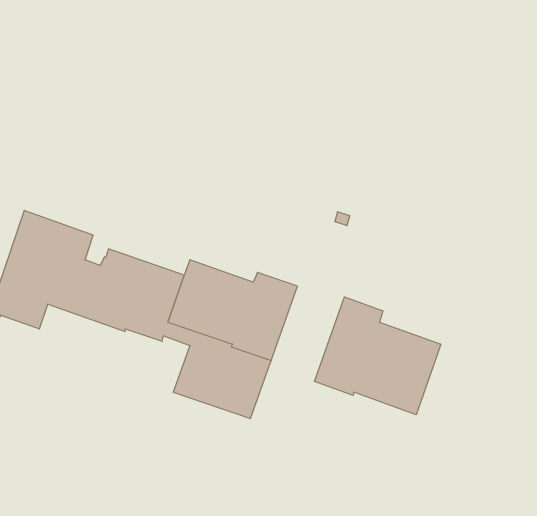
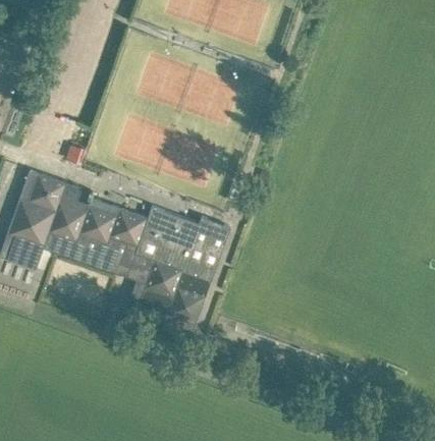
building: [315,297,441,415] -> none

